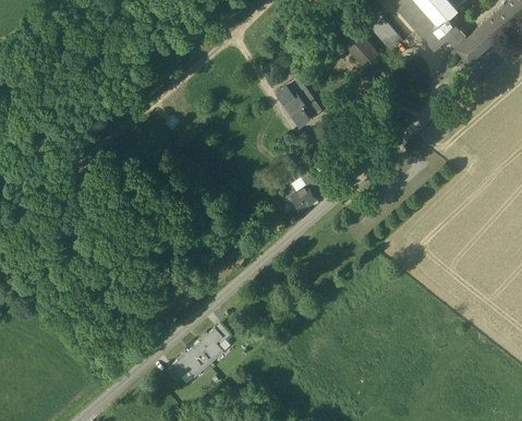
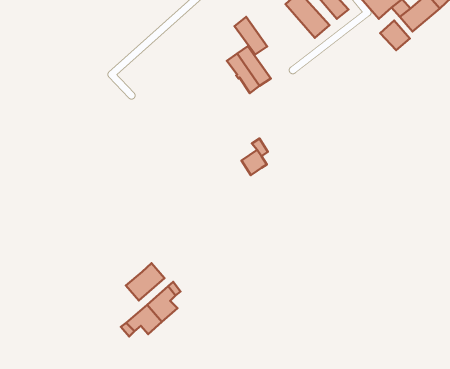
building: none -> [234,17,267,55]
building: none -> [380,21,410,50]
building: none -> [126,263,164,300]

